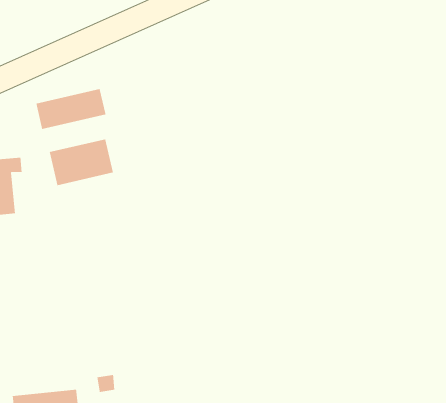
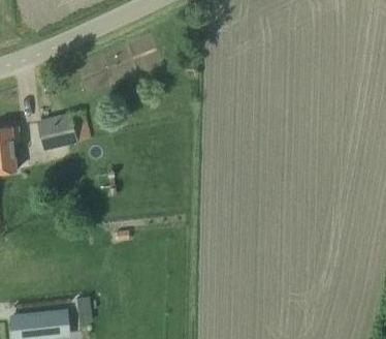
building: [35,88,106,130] -> none

